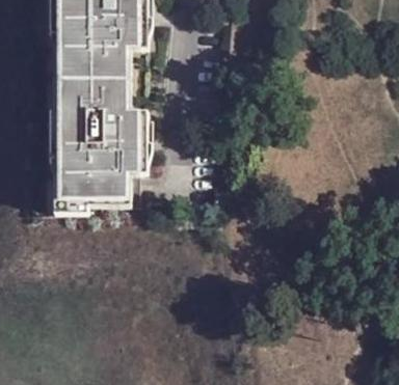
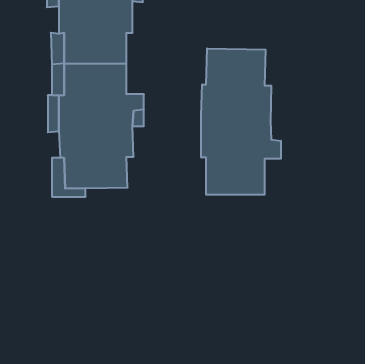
building: none -> [201,48,281,195]

